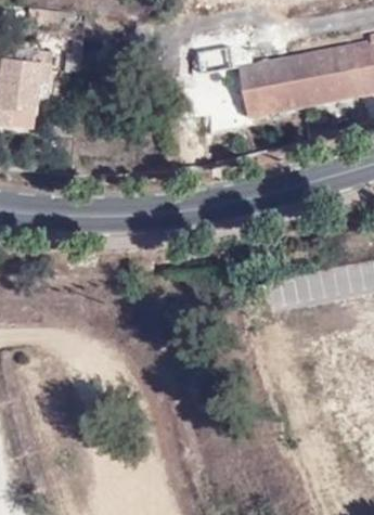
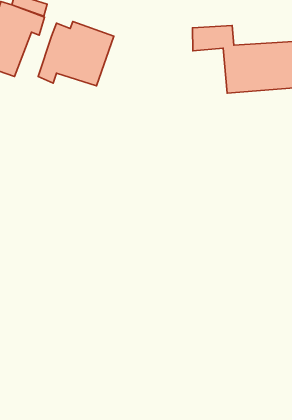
building: none -> [38,21,114,86]

